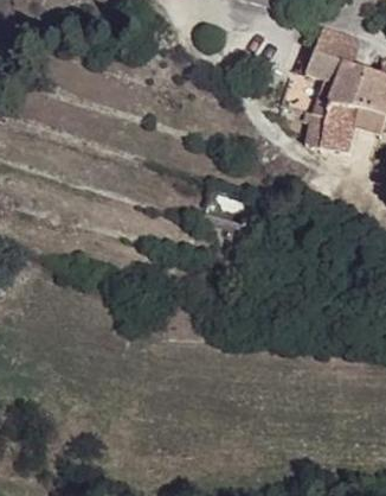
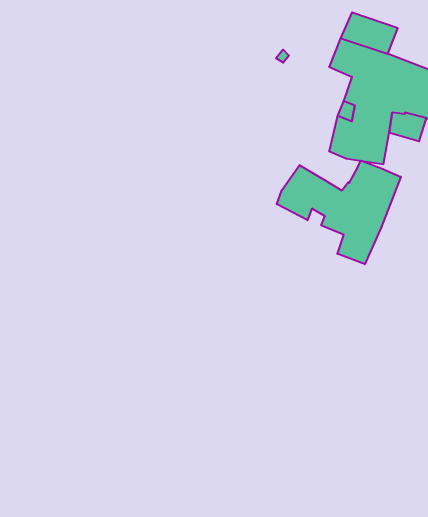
building: none -> [277,161,401,264]

